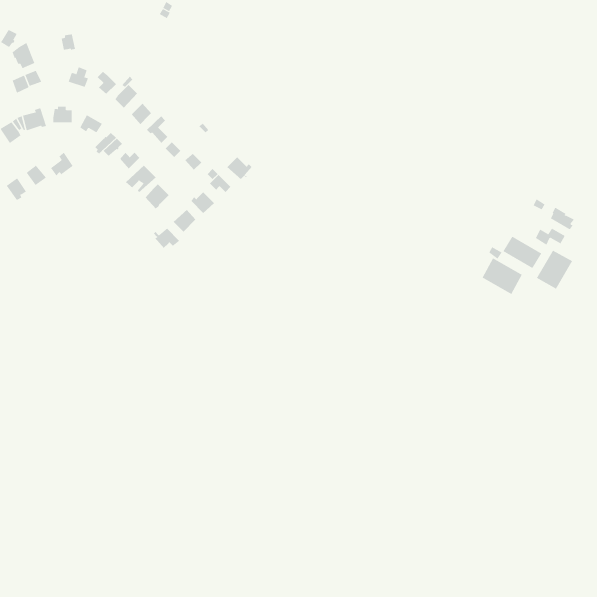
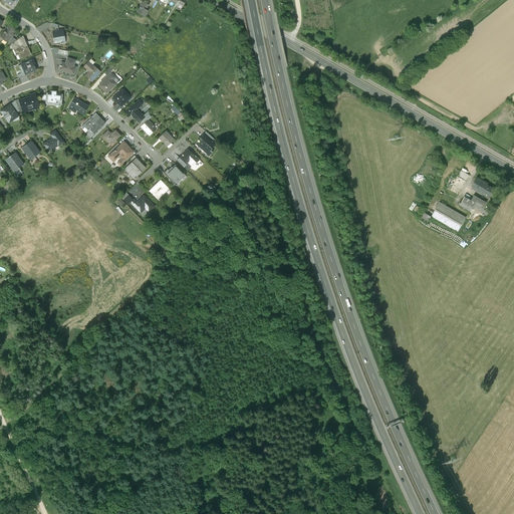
building: [536,250,573,289] -> none
building: [482,258,522,295] -> none

